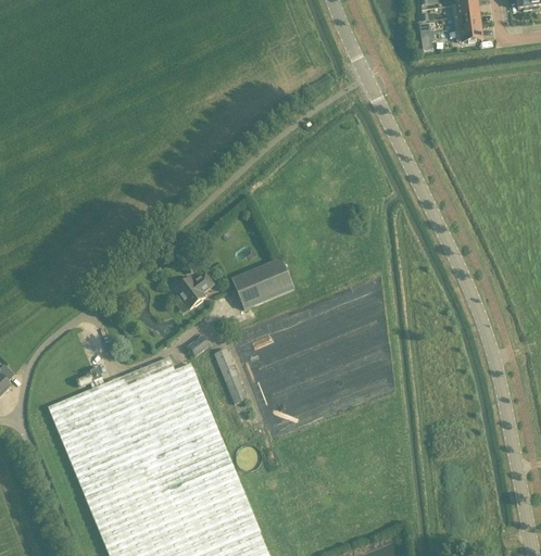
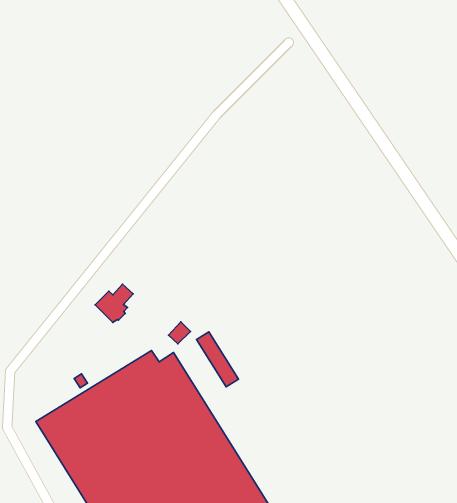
building: [232,258,294,309] -> none
building: [175,274,213,308] -> [95,284,133,322]

